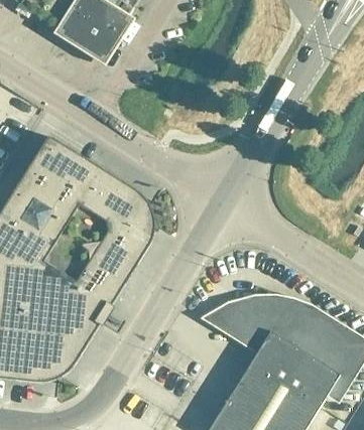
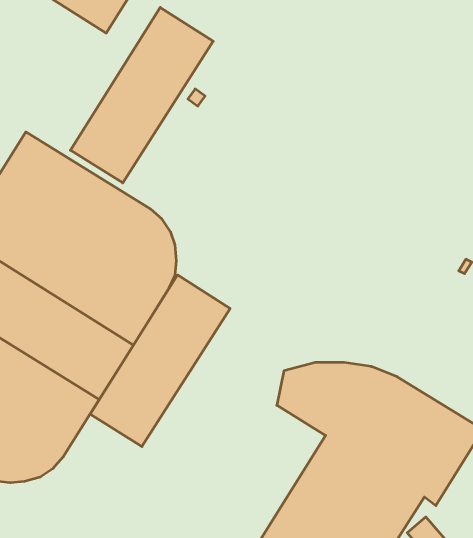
building: none -> [70,7,213,183]
building: none -> [90,275,230,447]

